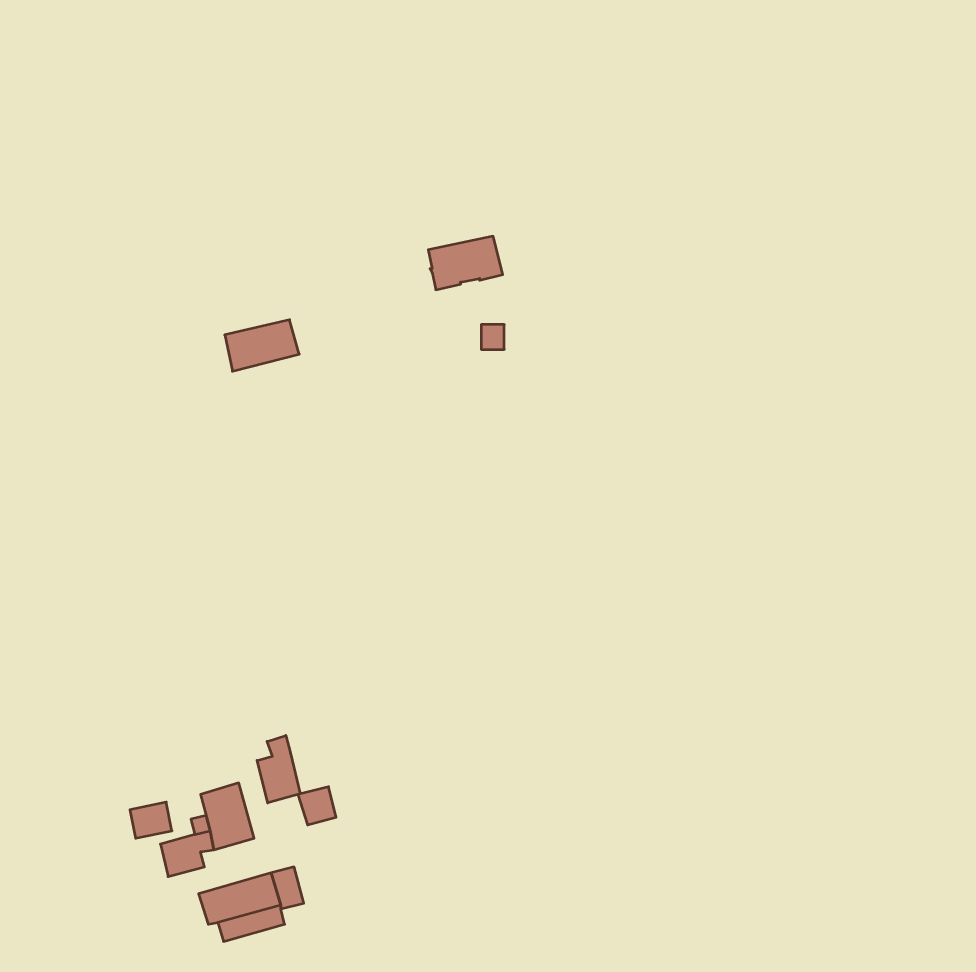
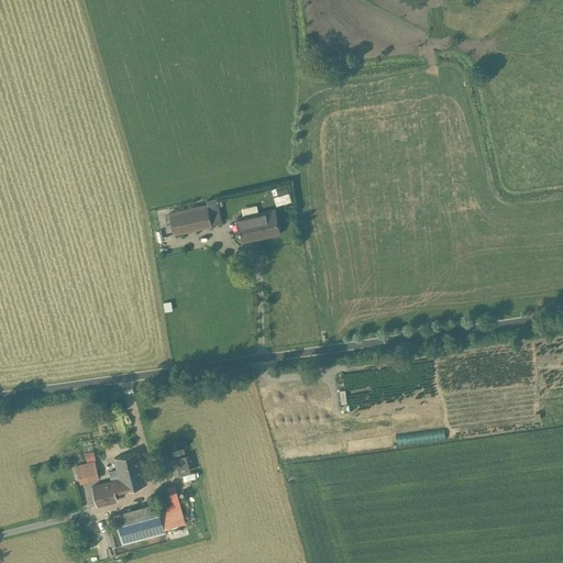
building: [428,236,503,290] -> [238,212,280,243]
building: [225,320,299,371] -> [169,206,212,235]
building: [257,735,300,803] -> none

